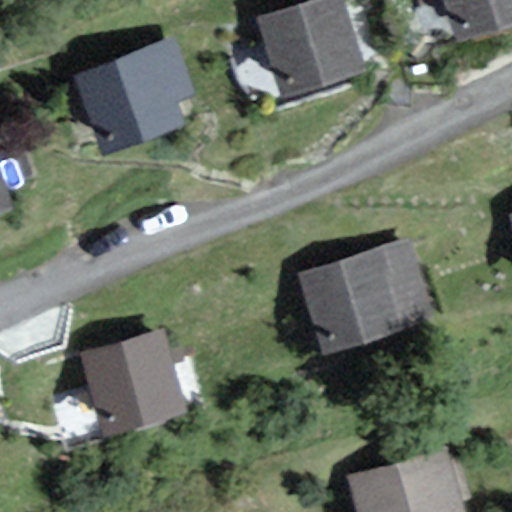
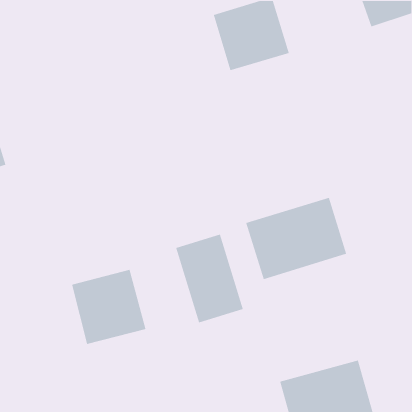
building: [75,39,195,151] -> none
building: none -> [175,234,244,323]

